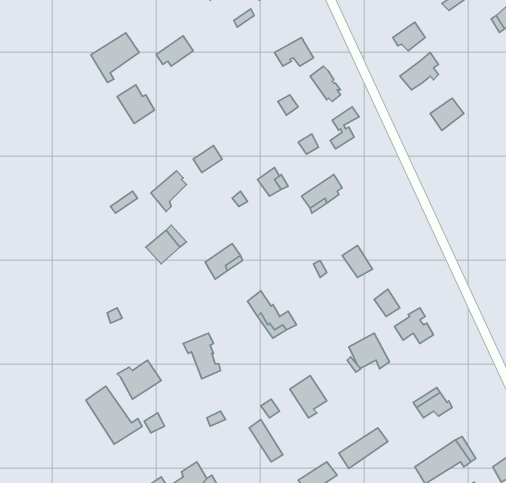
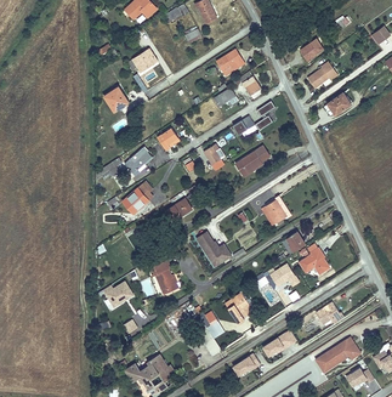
building: [91,33,139,82] -> none
building: [86,386,142,444] -> none

